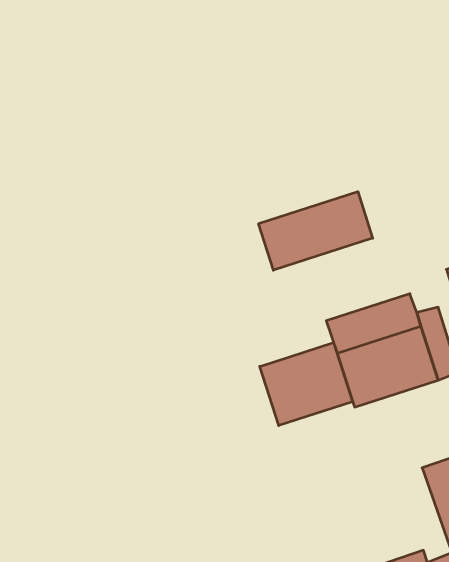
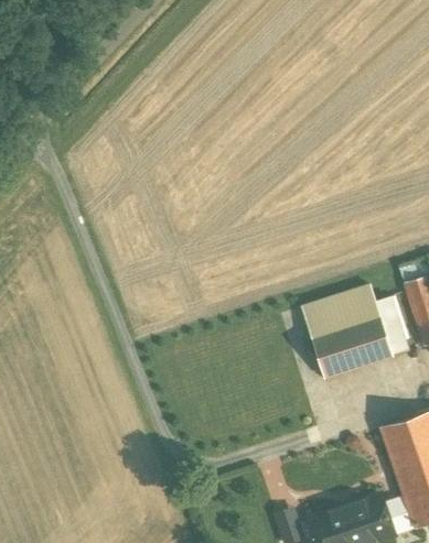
building: [259,192,373,270] -> none
building: [260,343,353,426] -> none

